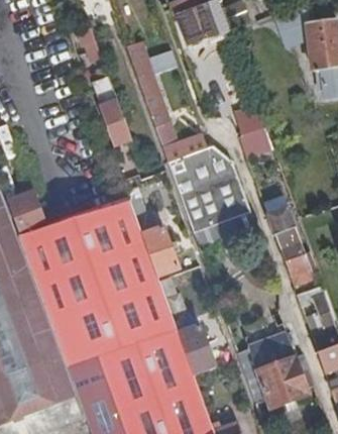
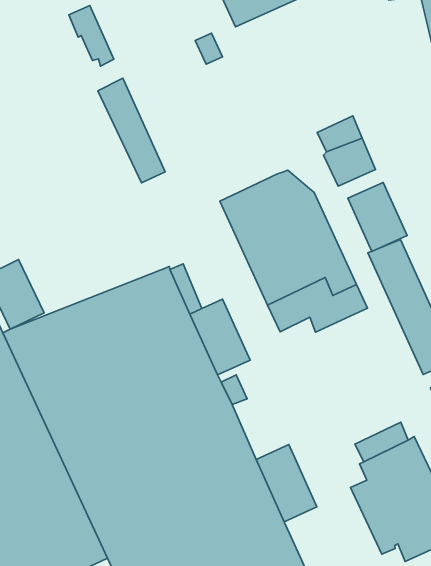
building: [126,42,207,161] -> none
building: none -> [348,183,407,251]

